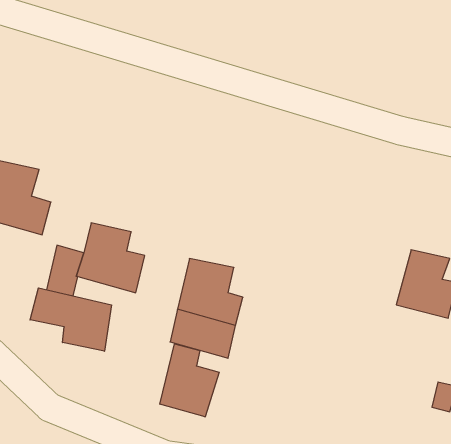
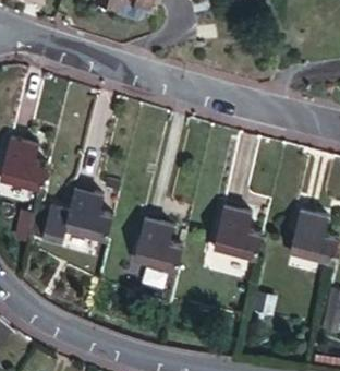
building: none -> [217,200,265,247]
building: [30,288,111,351] -> none
building: [160,344,219,417] -> none

